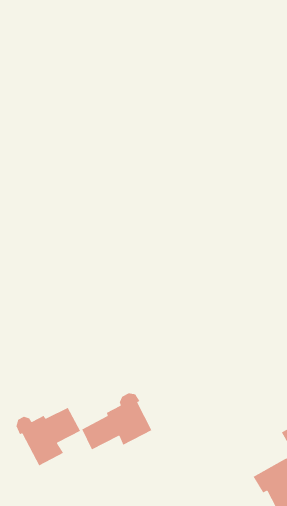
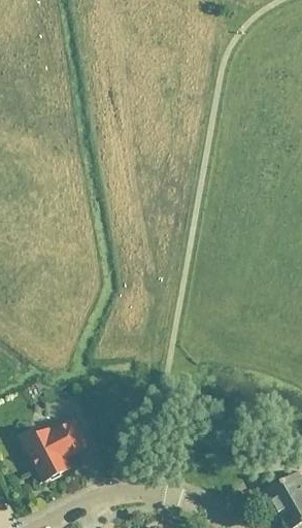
building: [81,392,152,451] -> none

